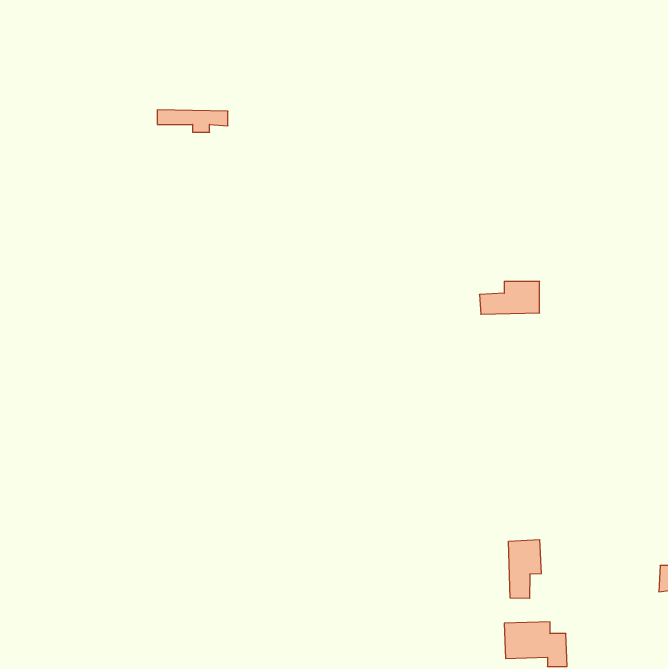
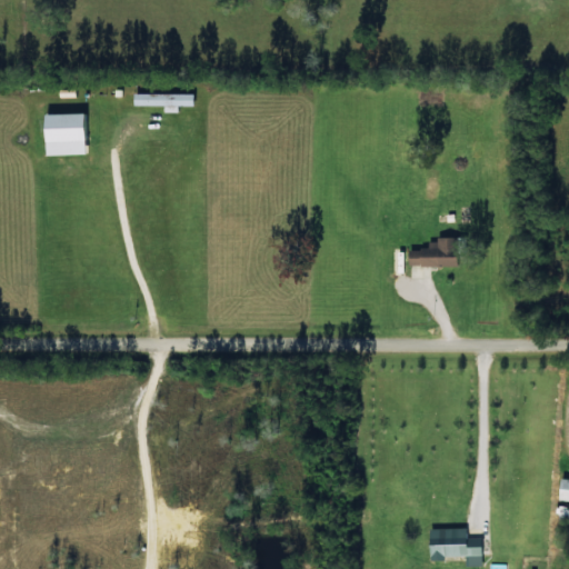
building: none -> [42,113,84,156]
building: [509,540,541,598] -> none

